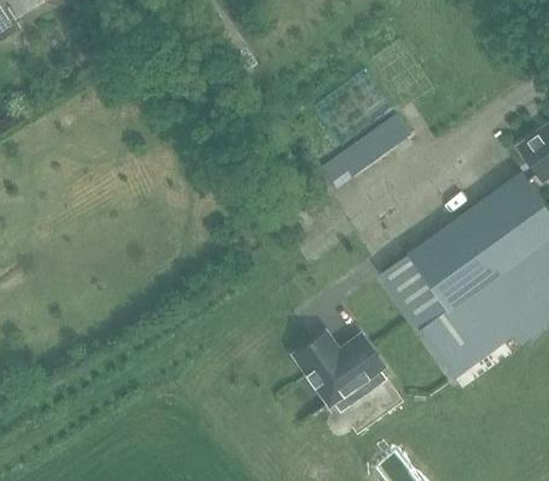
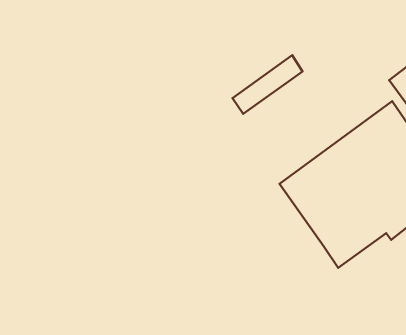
building: [296,335,386,413] -> none

